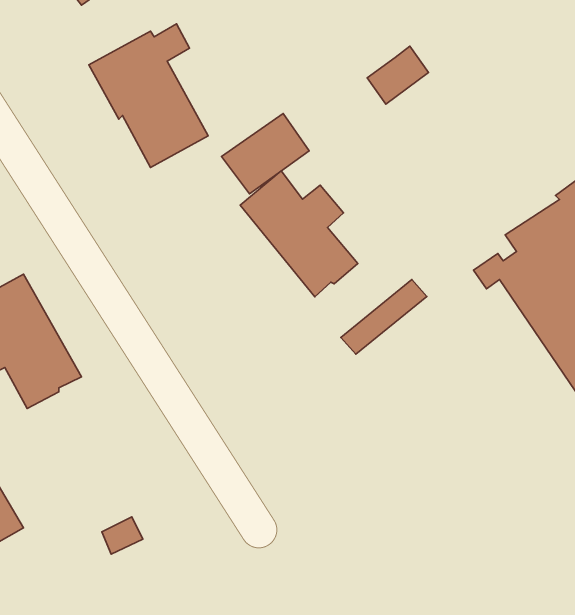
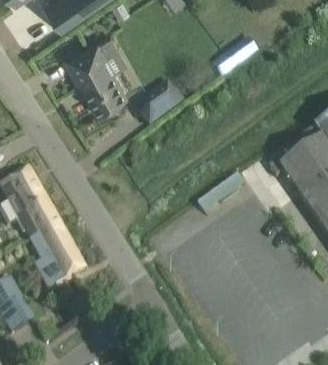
building: [240,171,358,297] -> none
building: none -> [30,225,84,290]

